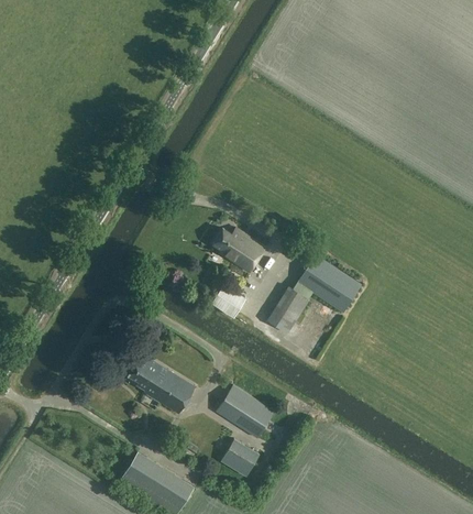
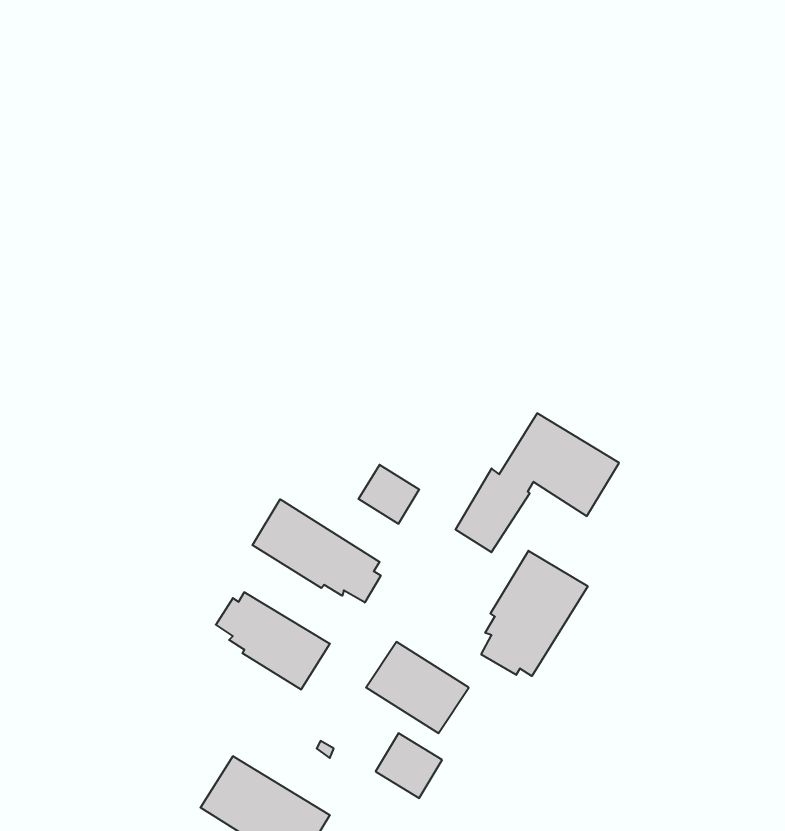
building: [212,227,266,271] -> none
building: none -> [252,499,381,603]
building: none -> [481,551,588,676]

